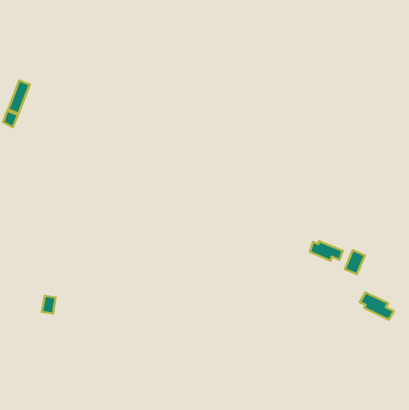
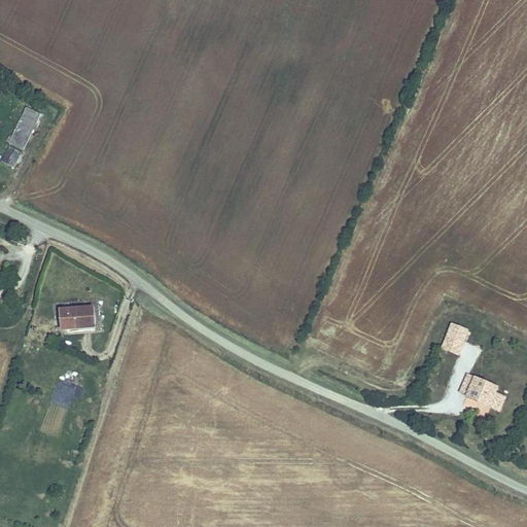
building: none -> [65,307,96,328]
building: [310,241,343,261] -> none

